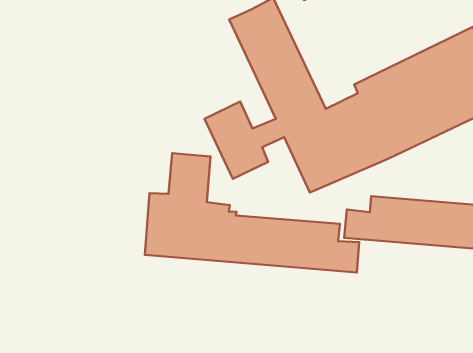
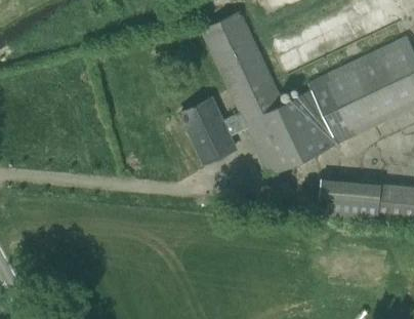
building: [145,153,359,272] -> none

